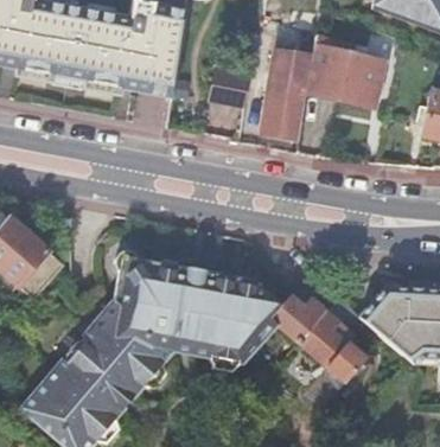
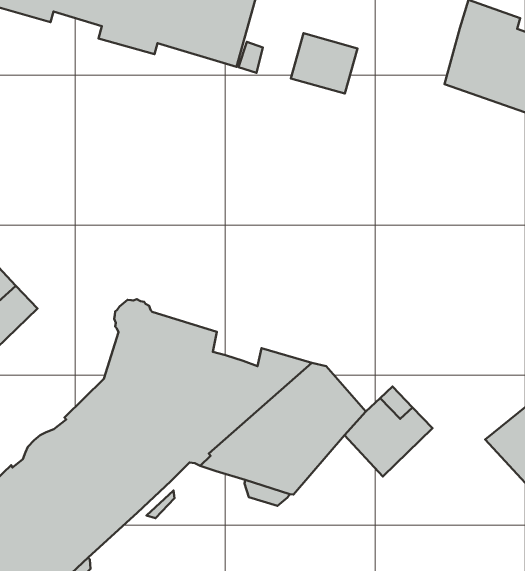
building: [263,50,314,141] -> none
building: [296,312,364,385] -> none

